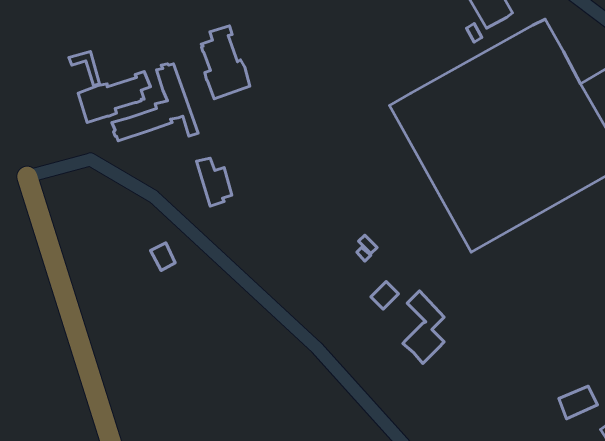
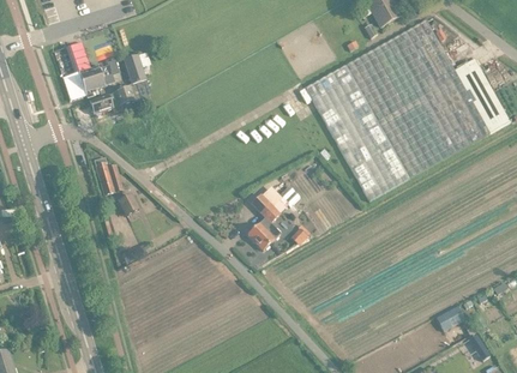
building: [201,26,250,99] -> none
building: [196,158,232,206] -> [94,157,121,194]
building: [403,291,444,363] -> [247,193,279,249]

